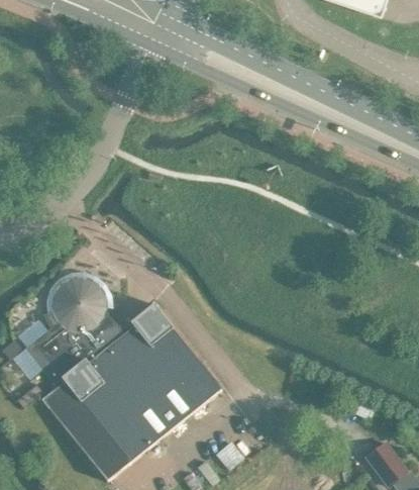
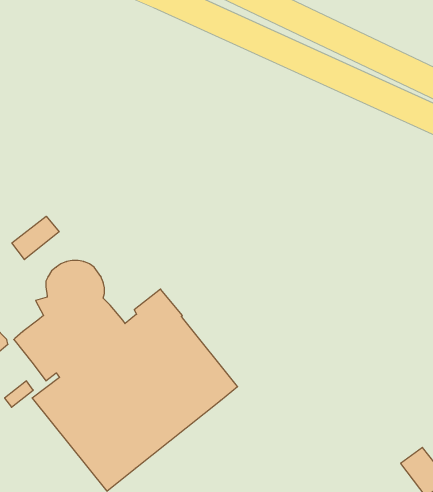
building: none -> [12,216,59,260]

